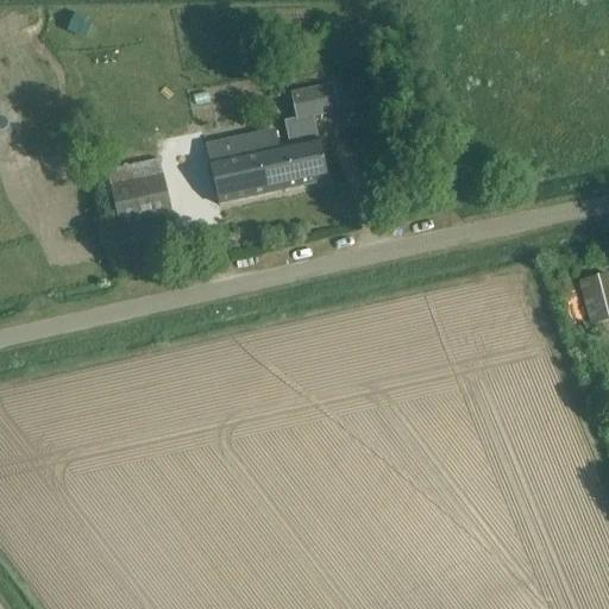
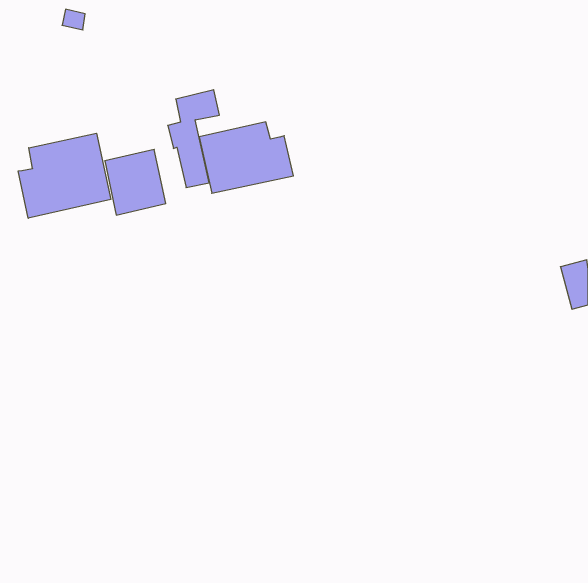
building: [284,81,338,182] -> [168,90,219,188]
building: none -> [18,133,111,218]

